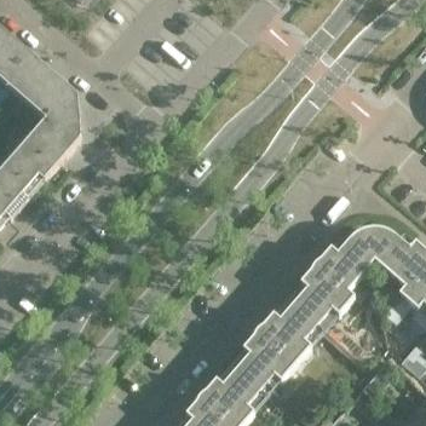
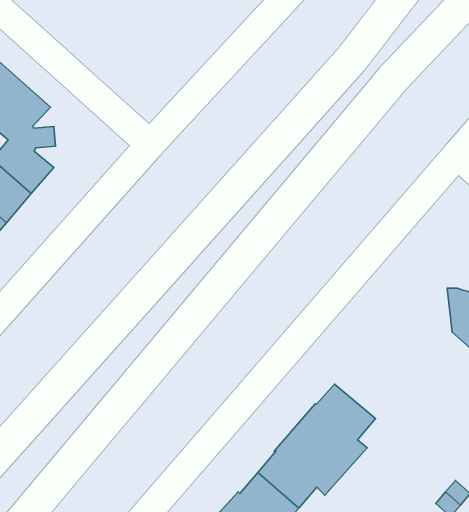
building: [288,226,375,323] -> none

